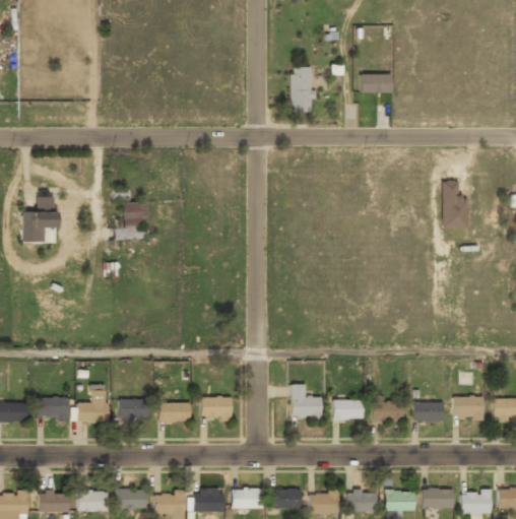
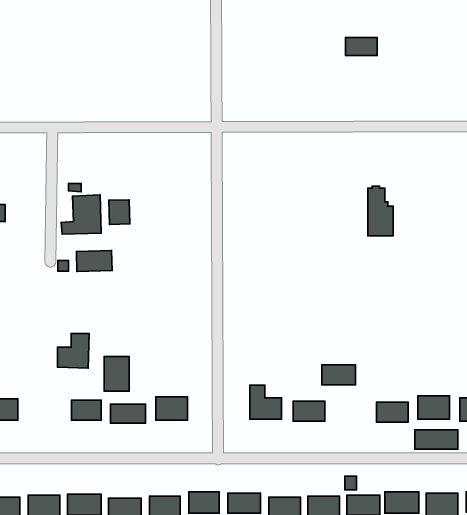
building: [292,67,313,113] -> none
building: [361,75,391,92] -> [346,38,377,55]
building: [444,180,468,228] -> [368,186,393,236]
building: none -> [109,200,130,224]
building: none -> [76,251,112,272]
building: none -> [104,356,129,391]
building: [78,389,109,423] -> [57,333,89,368]
building: [372,401,404,420] -> [322,365,356,385]
building: none -> [415,430,458,449]

